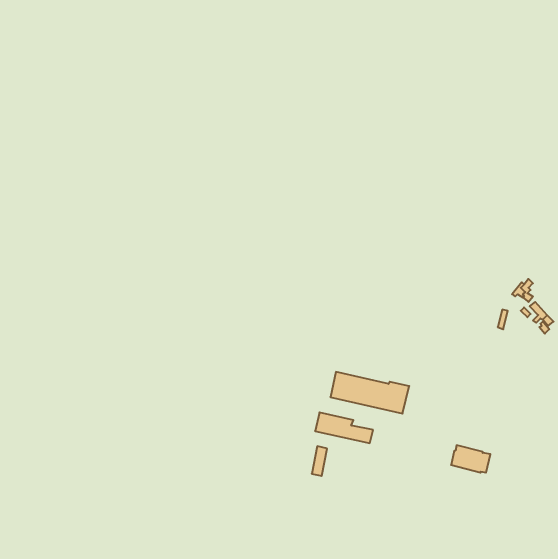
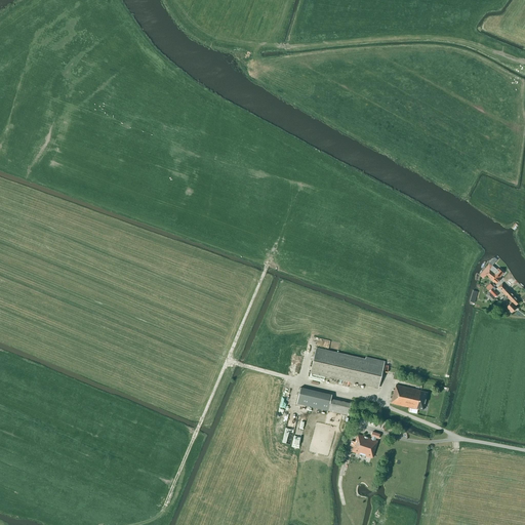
building: [451,445,490,473] -> [390,385,427,410]
building: none -> [349,434,376,458]

